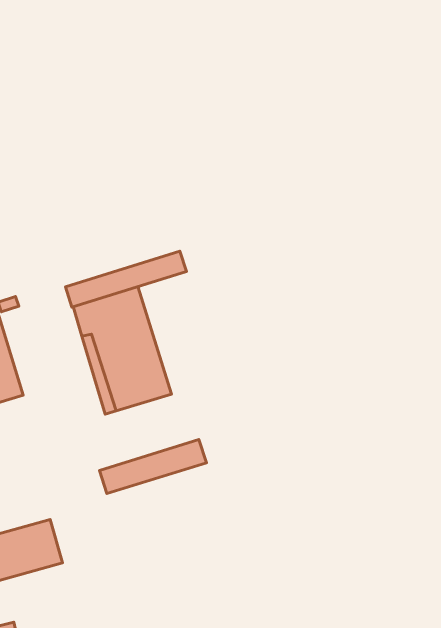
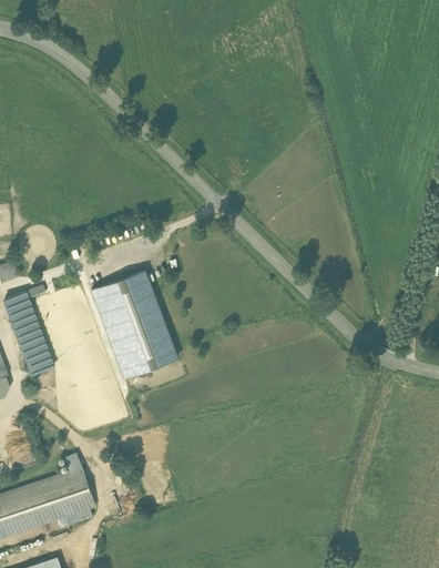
building: [65,251,186,307] -> none
building: [99,439,206,494] -> none

